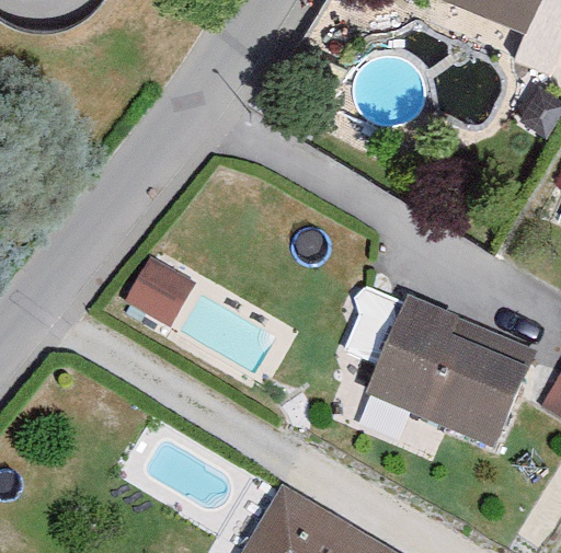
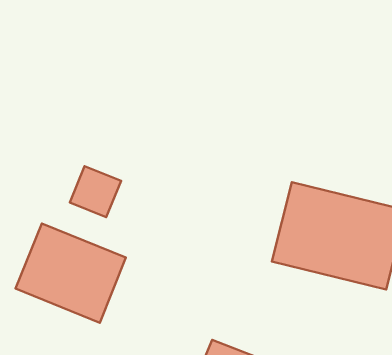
building: none -> [16,223,126,323]

